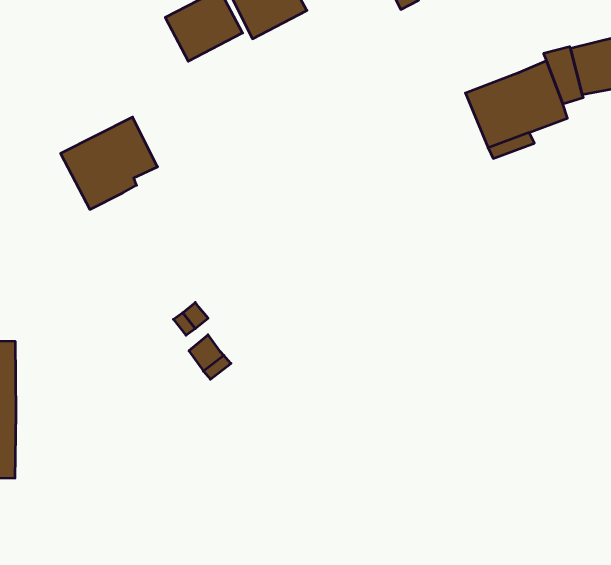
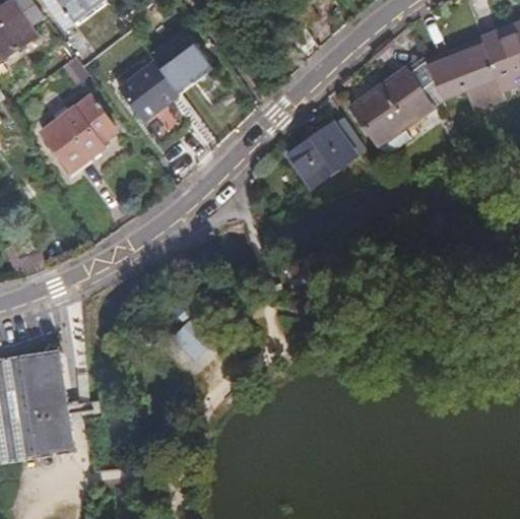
building: none -> [281,121,355,186]
building: [61,117,158,209] -> [37,102,110,175]

